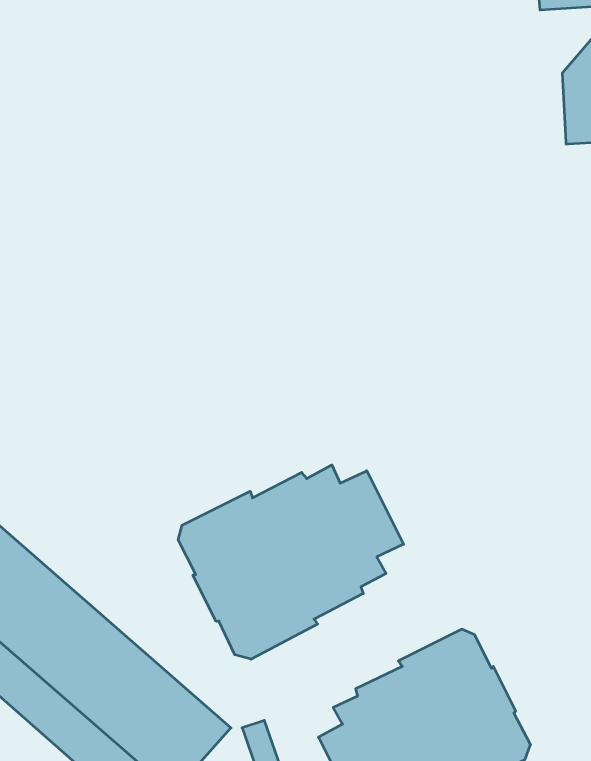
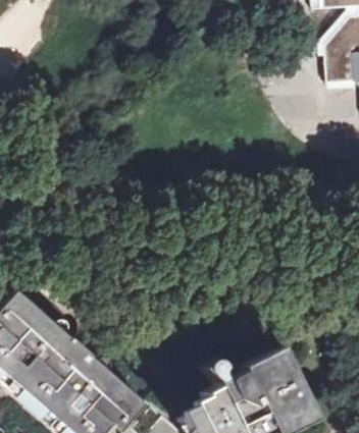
building: [178,465,404,659] -> none

